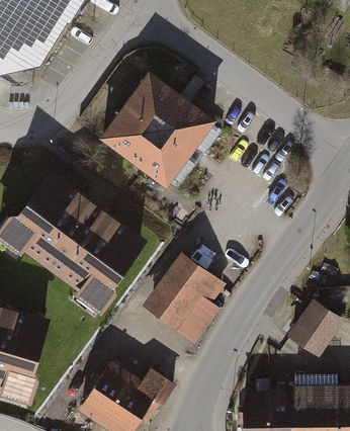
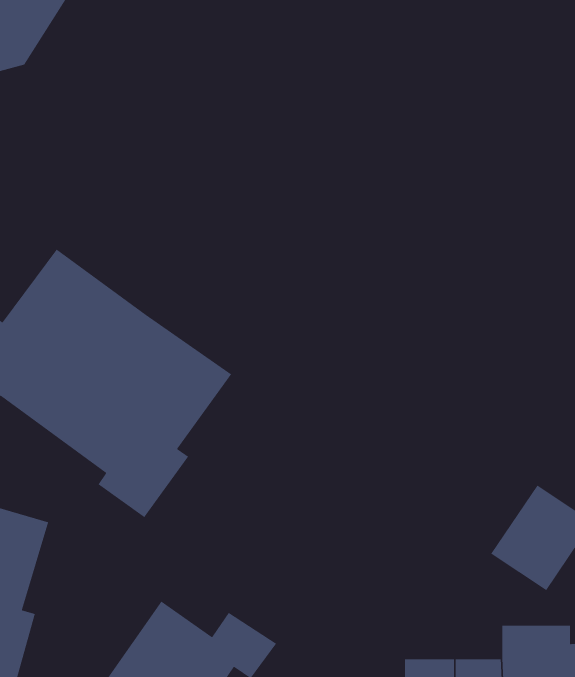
building: [99,75,220,191] -> none
building: [144,254,224,342] -> none

